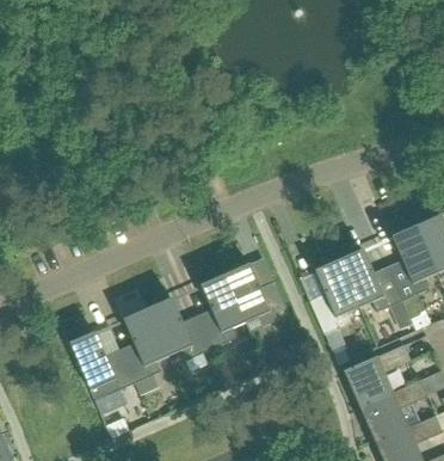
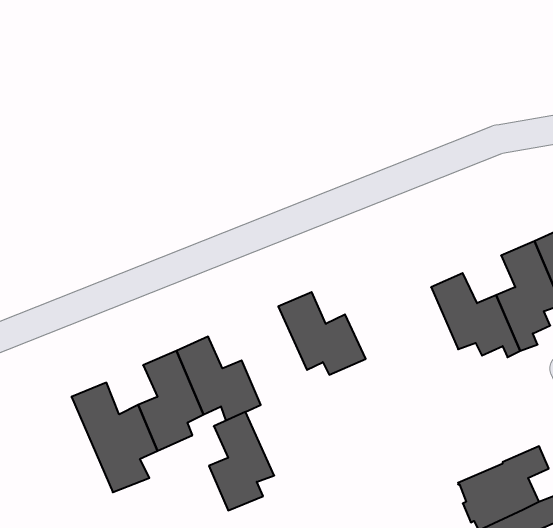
building: [309,259,359,333] -> none
building: [197,273,246,348] -> [209,412,274,510]
building: [343,343,412,406] -> none

